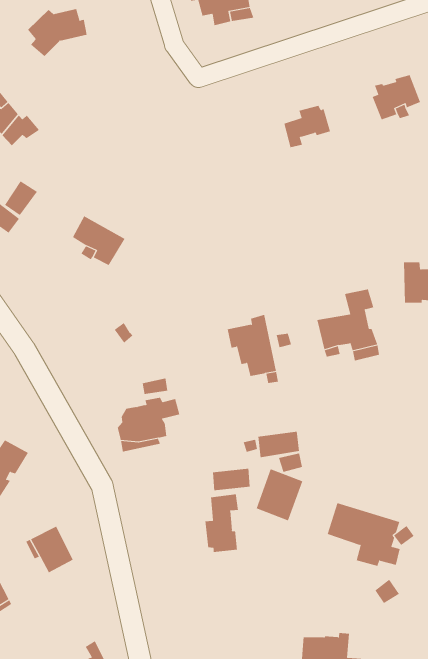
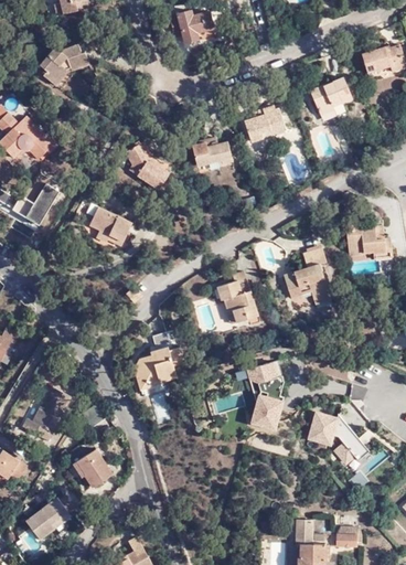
building: none -> [194,137,234,166]
building: none -> [120,148,167,193]
building: [205,493,238,553] -> none

